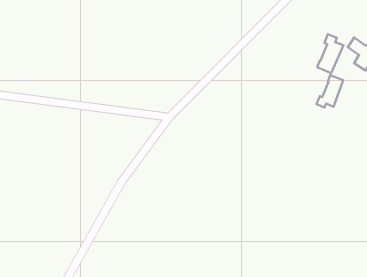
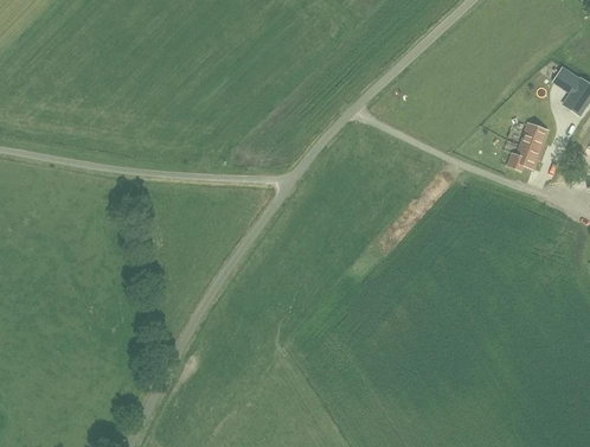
building: [317,34,344,73] -> none

